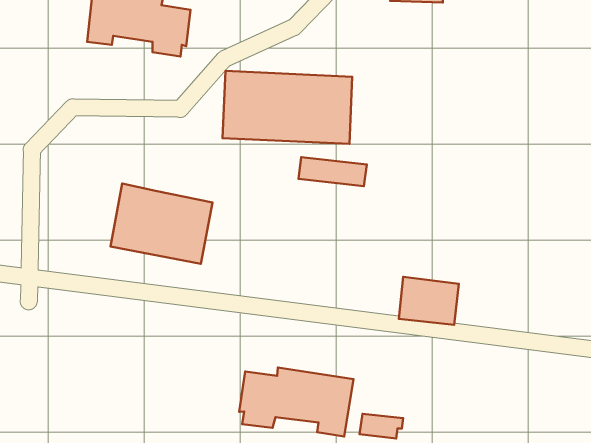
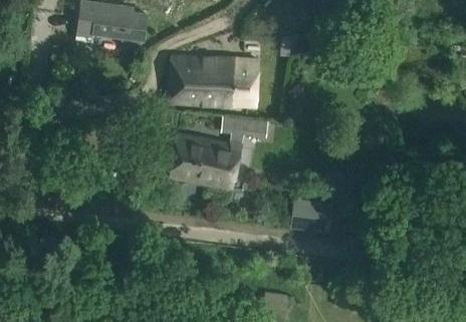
building: [110,184,212,264] -> [170,133,240,189]
building: [239,367,354,437] -> none

